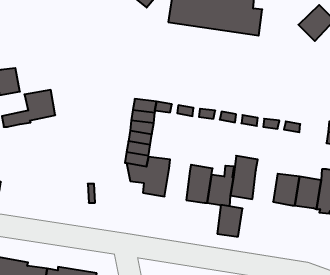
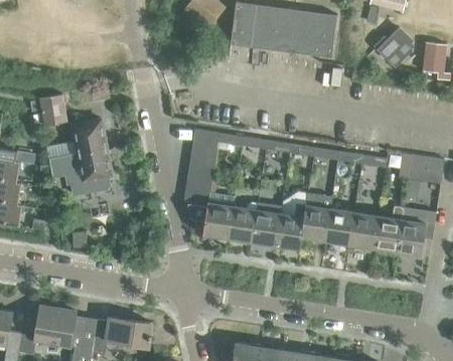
building: none -> [48,148,111,197]
building: none -> [228,207,256,242]
building: [217,205,243,237] -> [325,209,353,244]

